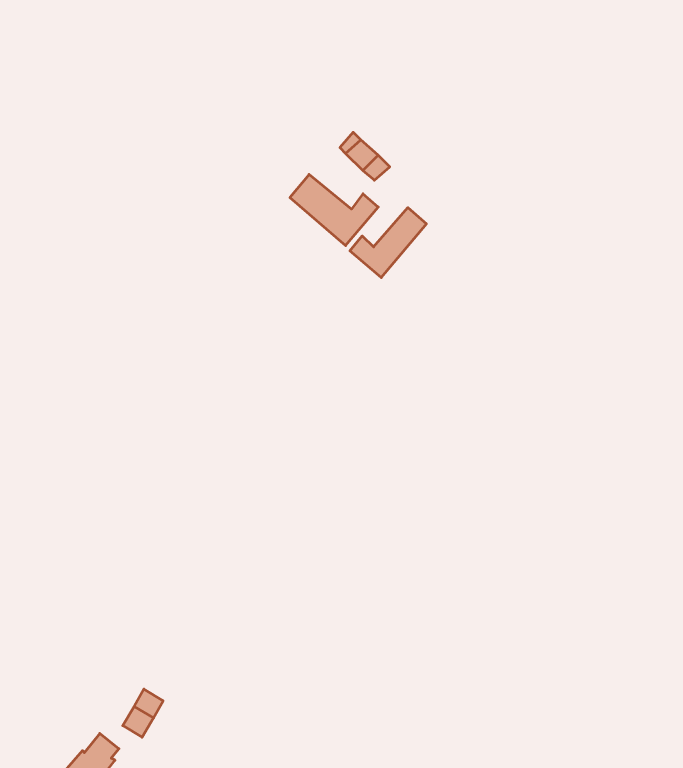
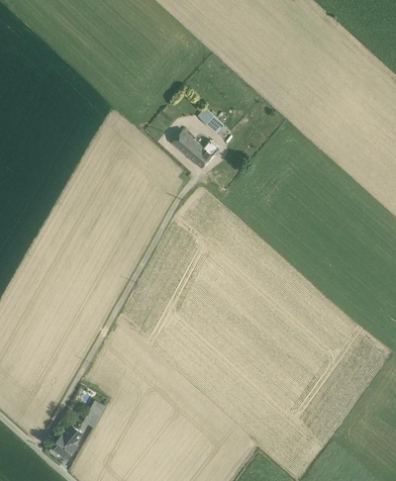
building: [350,208,426,278] -> none

